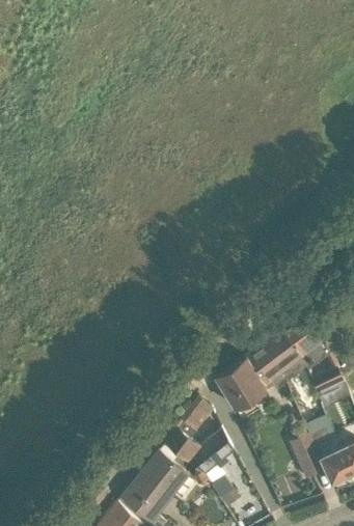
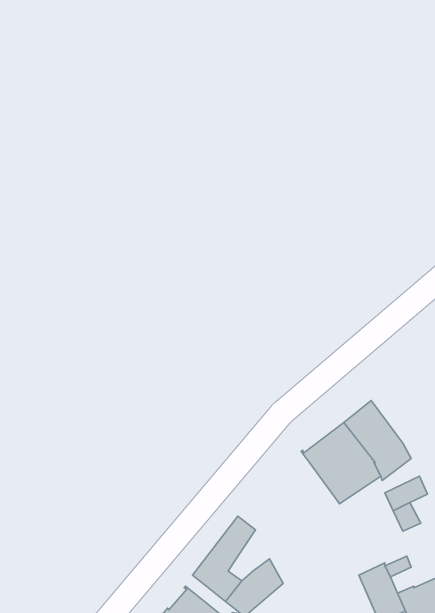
building: [215,355,272,409] -> none

